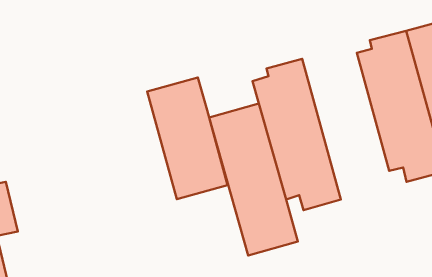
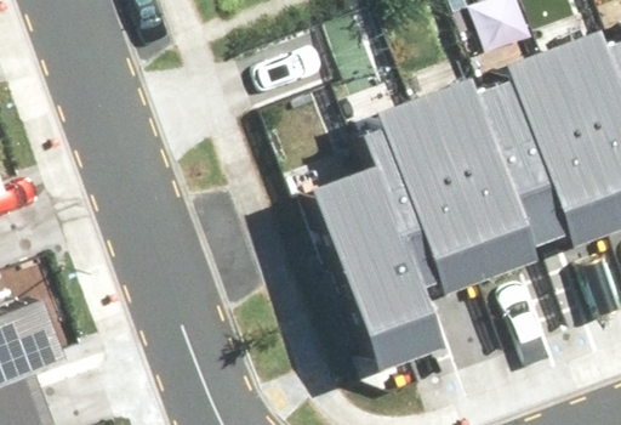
building: none -> [422,81,551,280]
building: [147,77,228,199] -> none

